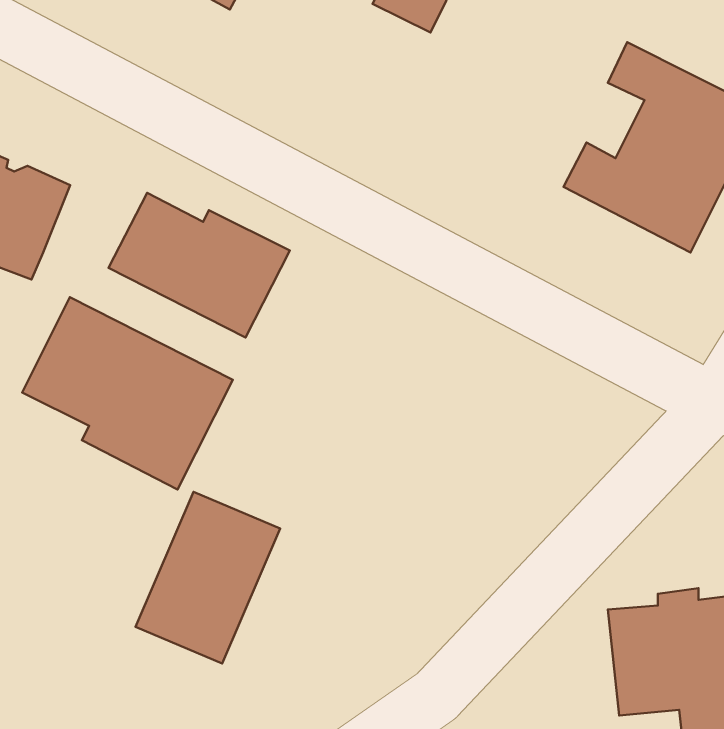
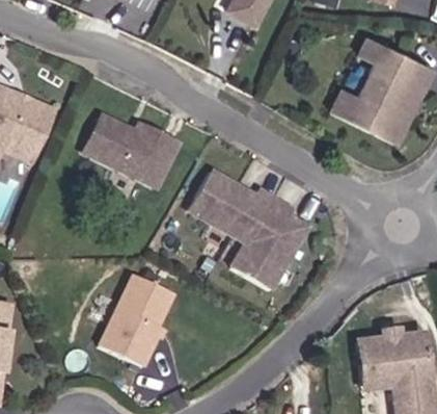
building: none -> [194,170,312,285]
building: [22,297,233,490] -> none

